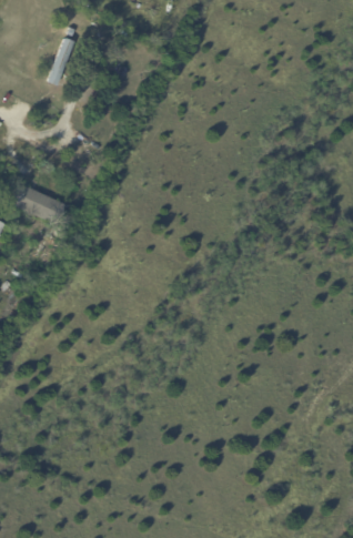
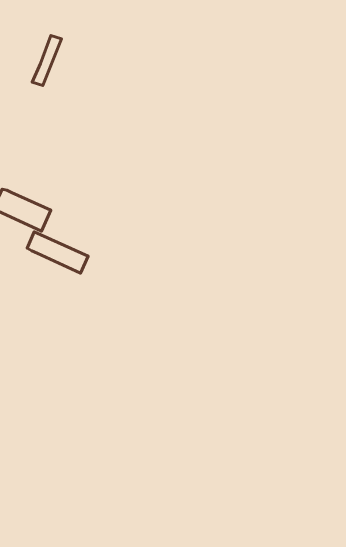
building: none -> [27,232,88,273]

